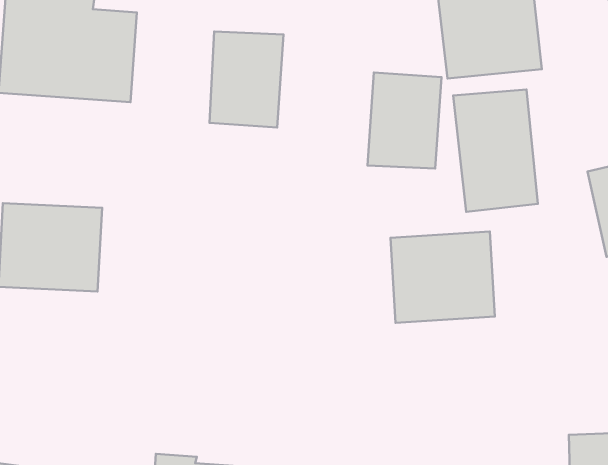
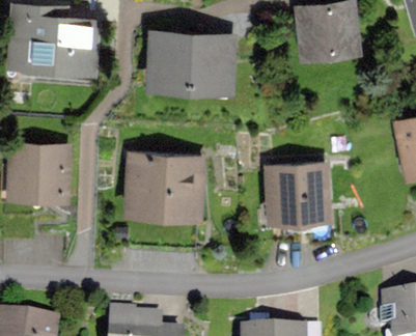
building: [367,73,441,169] -> [189,33,238,96]
building: [453,89,538,212] -> none
building: none -> [122,152,207,222]

